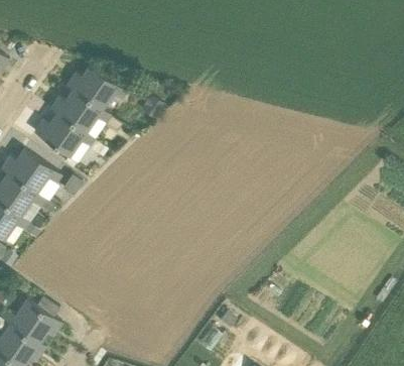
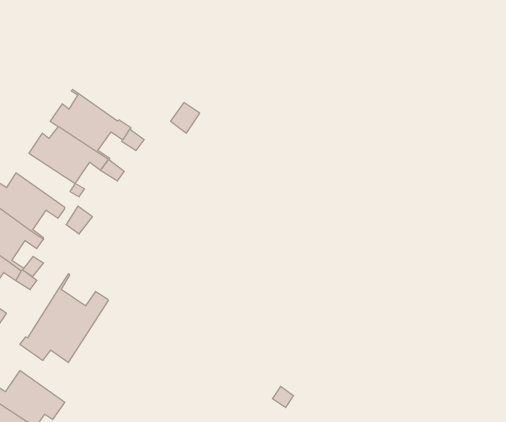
building: [66,66,126,110] -> none
building: none -> [20,274,108,363]

